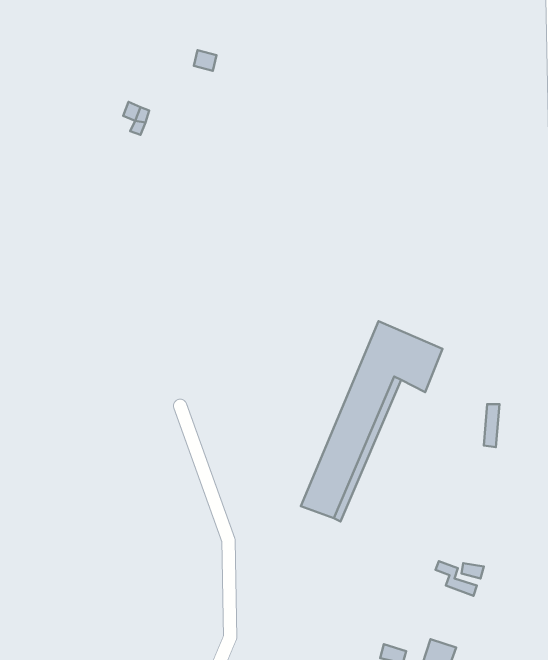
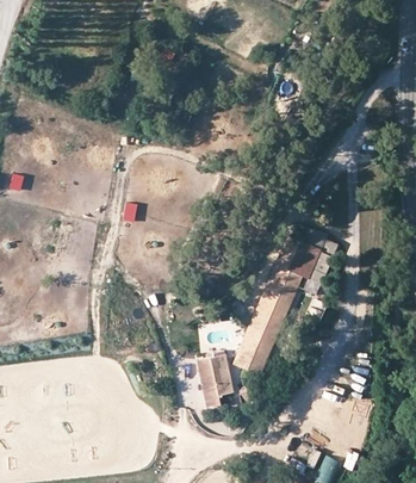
building: none -> [197,354,232,407]

